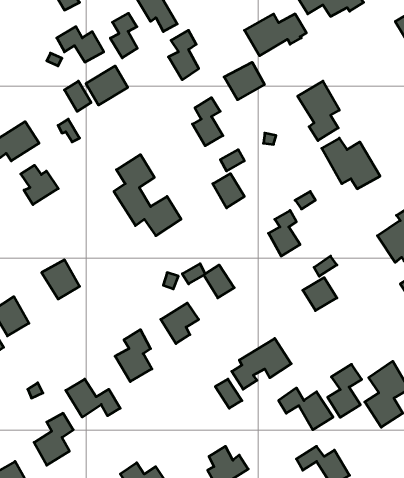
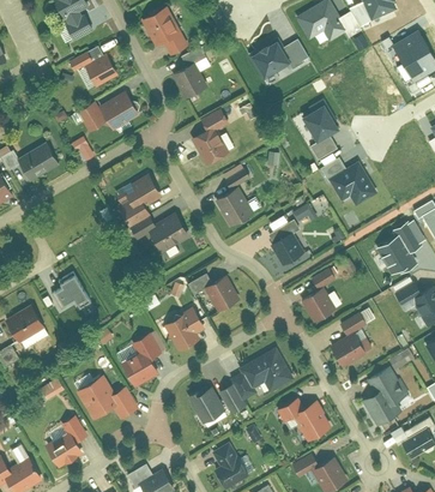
building: [110,13,137,58] -> none
building: [224,62,264,100] -> none
building: [21,165,58,205] -> none
building: [328,364,362,417] -> [331,313,363,364]
building: none -> [188,386,225,421]

